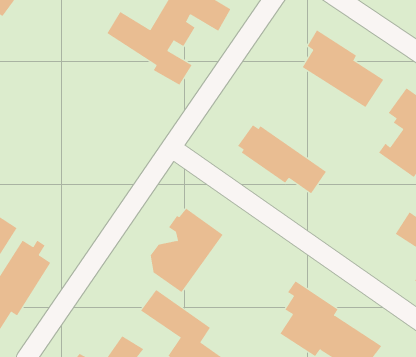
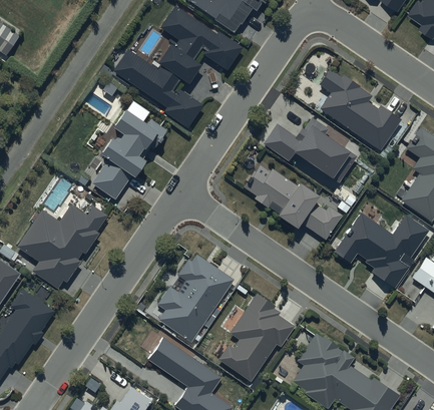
building: none -> [91,111,165,196]
building: none -> [263,119,358,184]
building: none -> [16,203,106,289]
building: none -> [335,213,428,286]
building: none -> [218,295,294,383]

